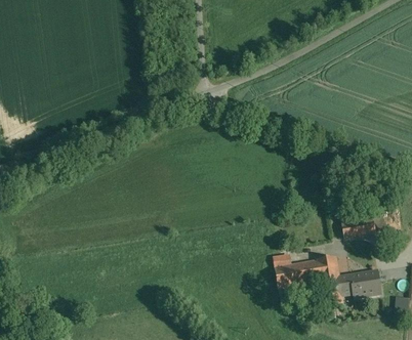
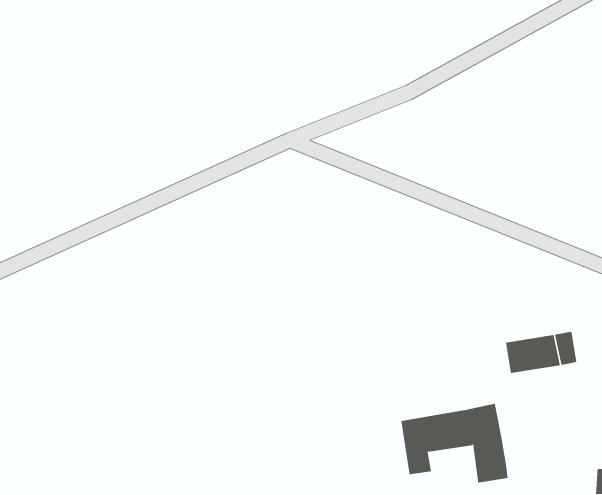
building: [340,269,382,296] -> none

